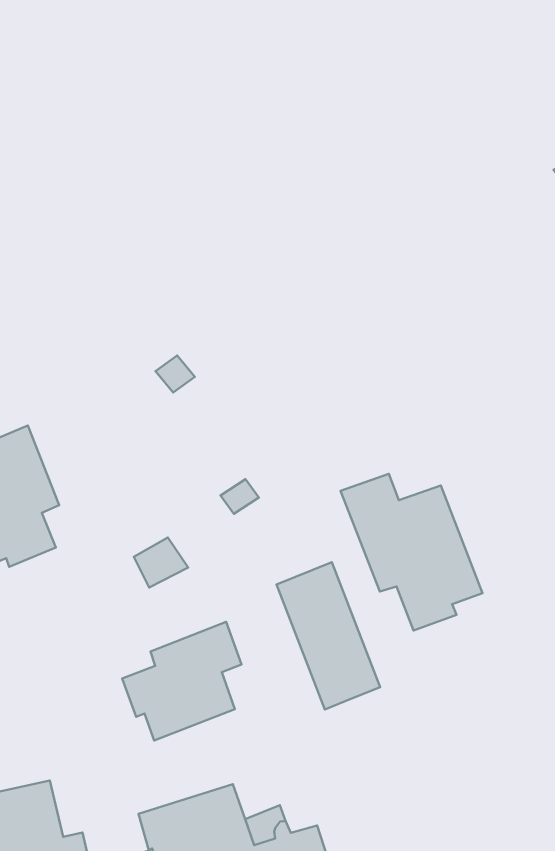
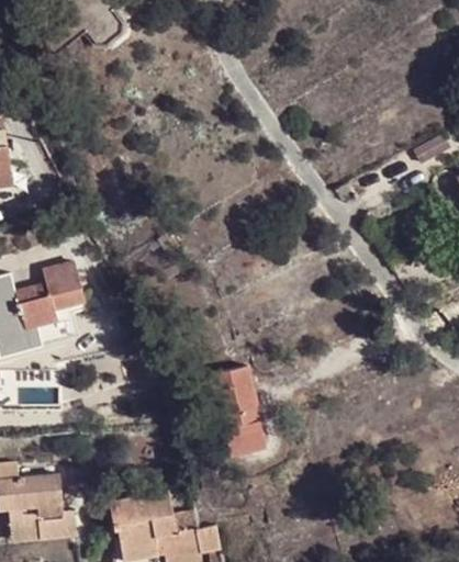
building: [340,474,482,631] -> none
building: [122,622,242,740] -> none

